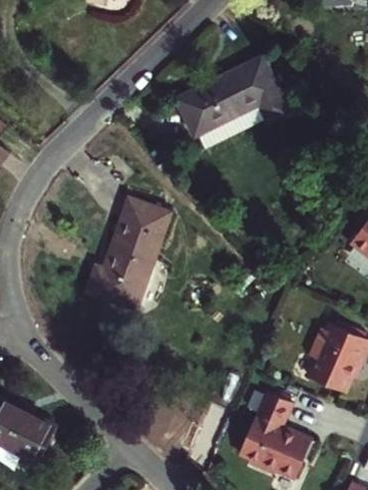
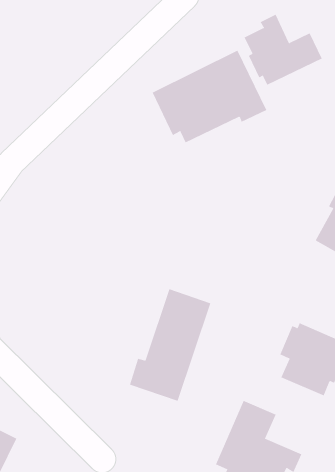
building: none -> [244,14,322,85]
building: [80,203,159,313] -> [129,289,211,402]

